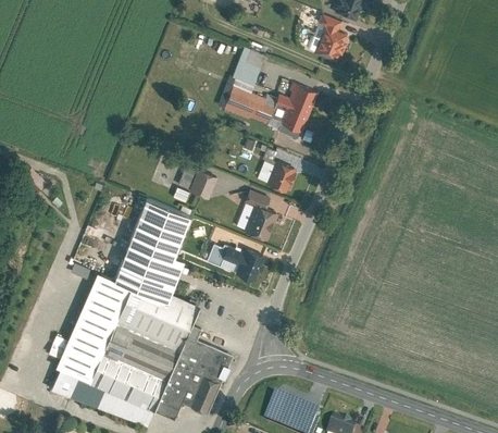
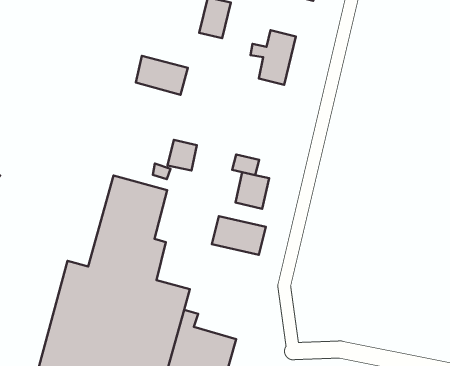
building: [227,86,275,125] -> [136,56,188,95]
building: [267,162,297,193] -> none

